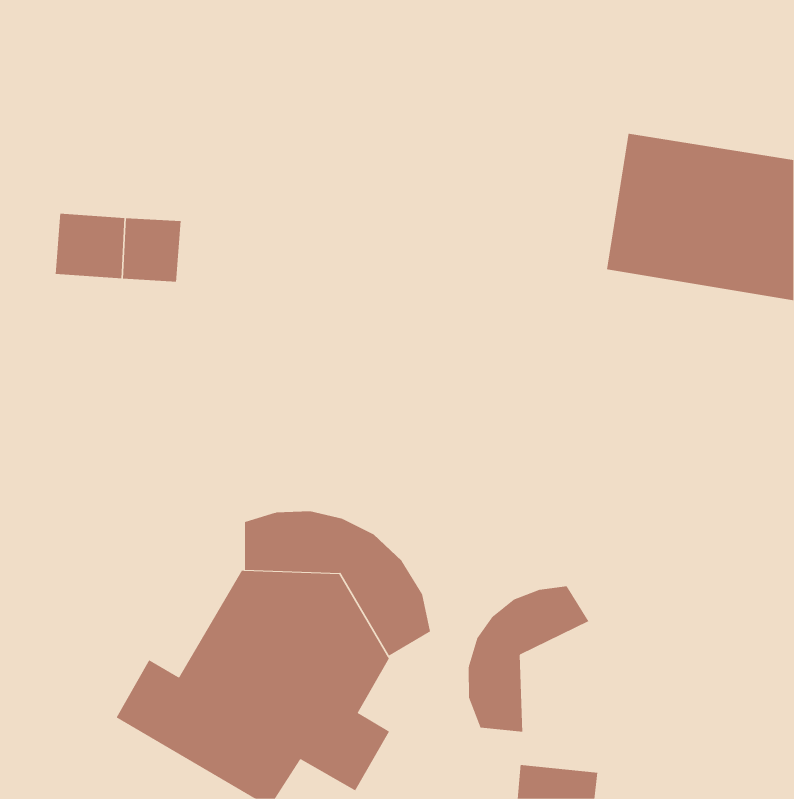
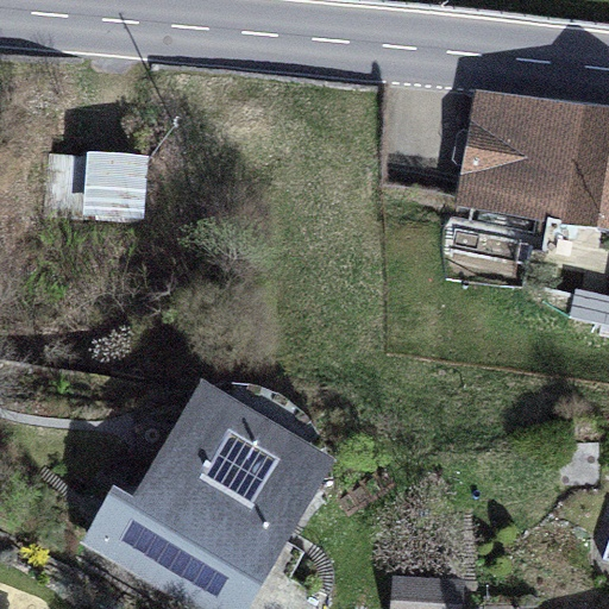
building: [468,586,589,733] -> none

